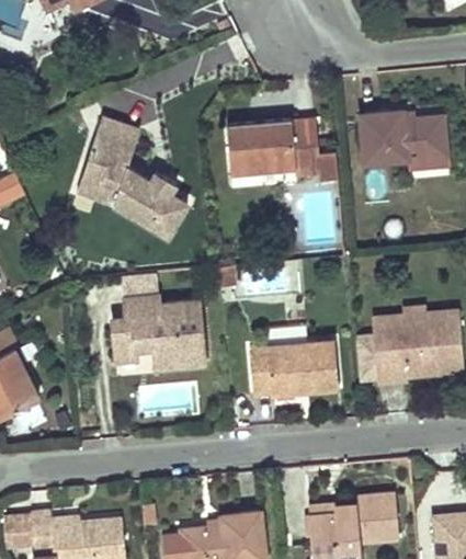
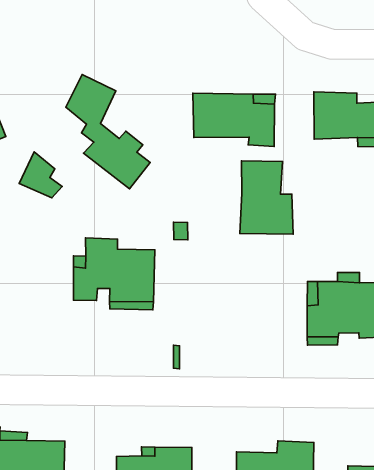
building: [75,156,122,204] -> [19,152,62,198]
building: none -> [240,161,293,234]
building: [247,339,337,395] -> none

